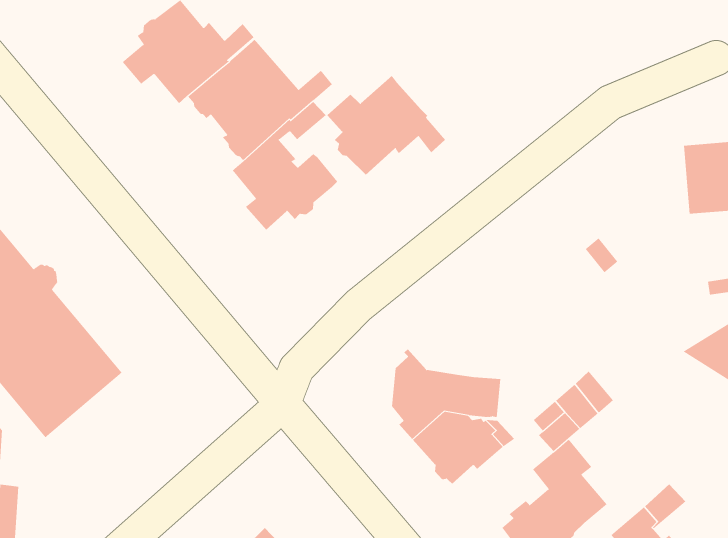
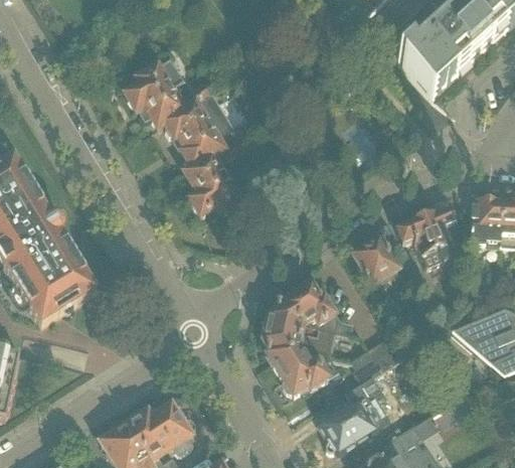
building: [326,75,446,176] -> none
building: none -> [393,205,455,265]
building: none -> [351,237,397,297]
building: none -> [277,282,351,334]

